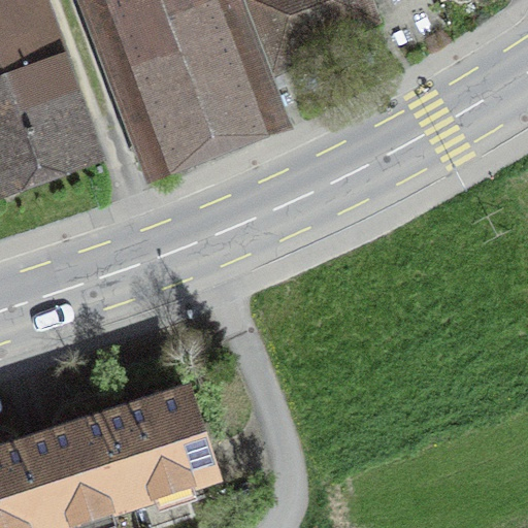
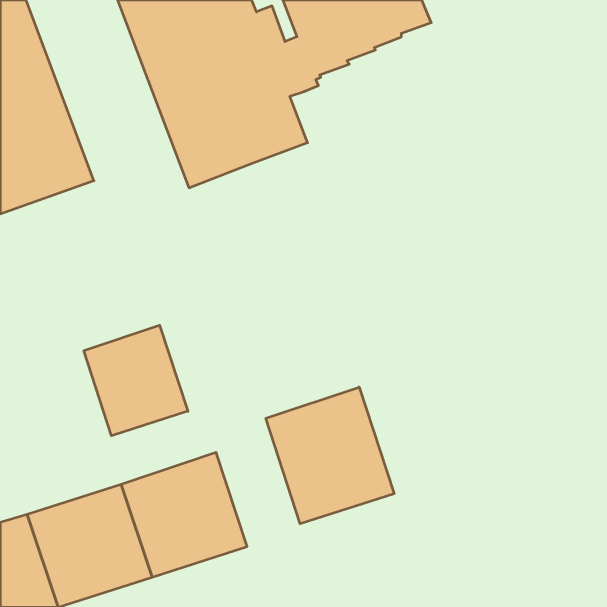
building: none -> [84,325,188,436]
building: none -> [266,387,394,524]

